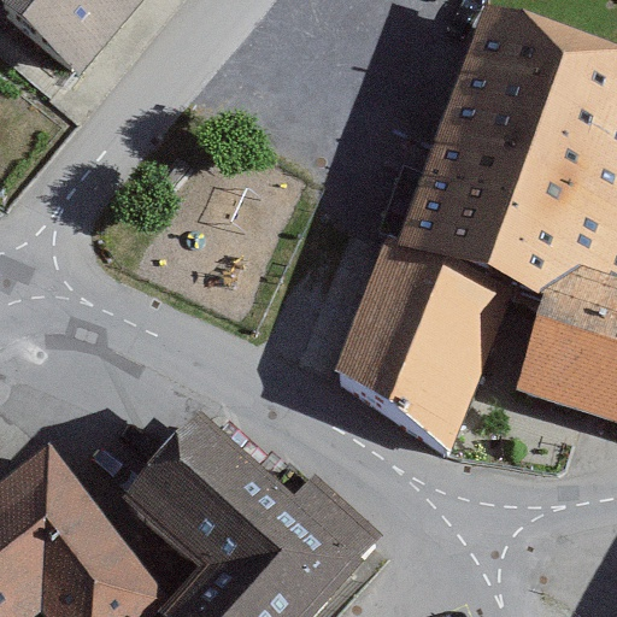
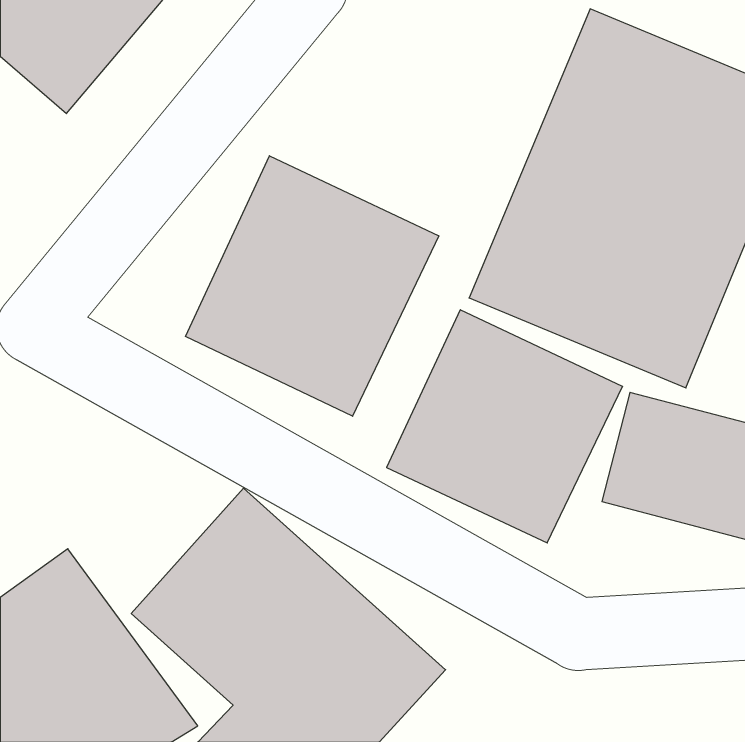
building: none -> [185,156,439,416]

